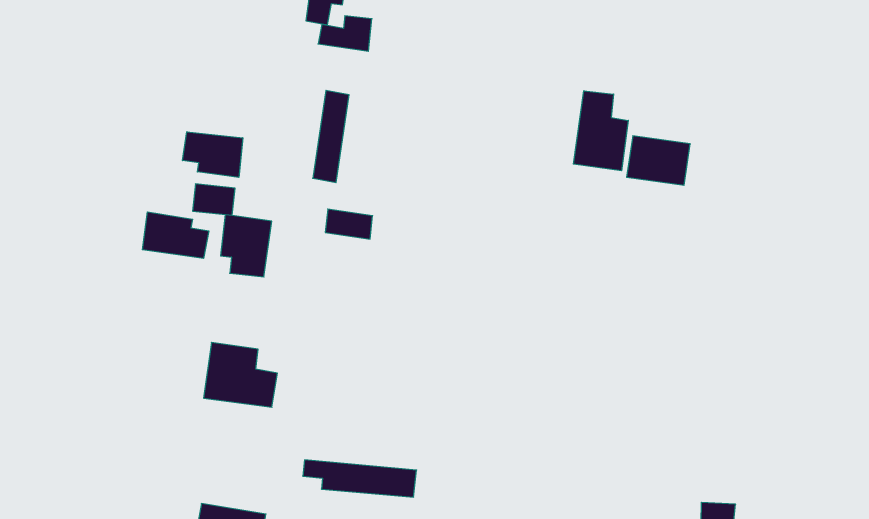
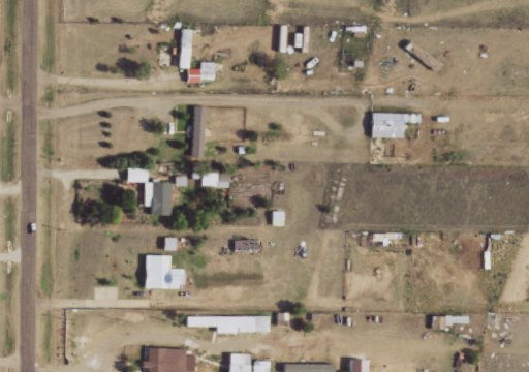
building: [573,91,628,171] -> none
building: [183,132,243,177] -> none
building: [142,212,209,258] -> none

